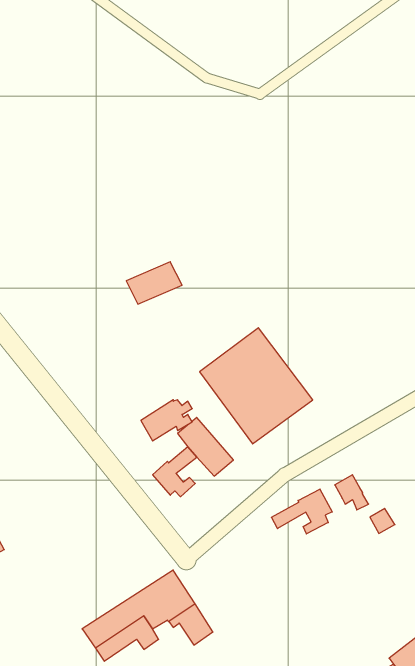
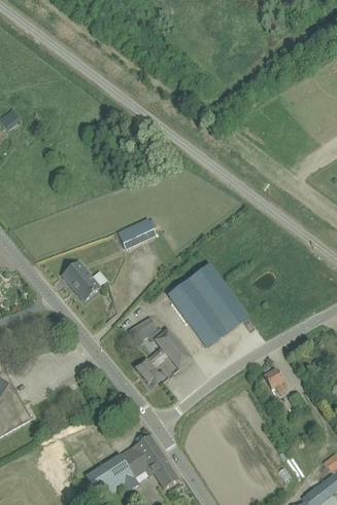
building: none -> [62,260,99,299]
building: [271,489,332,534] -> none

